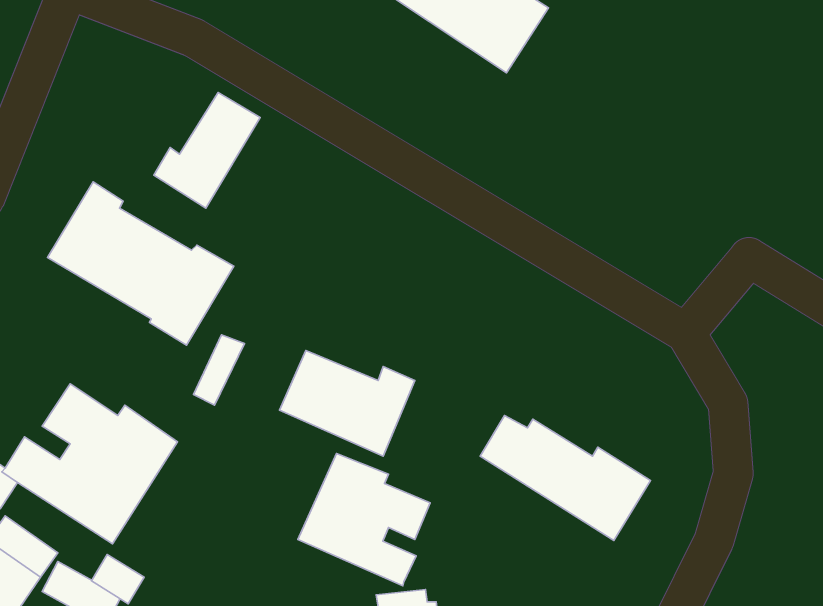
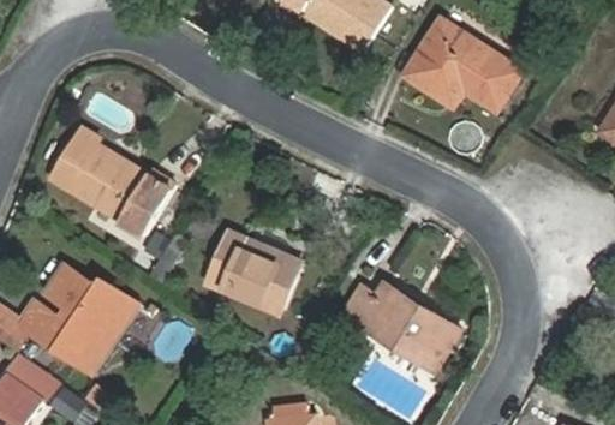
building: none -> [402,18,519,110]
building: [154,92,260,208] -> none
building: [298,453,430,586] -> none

